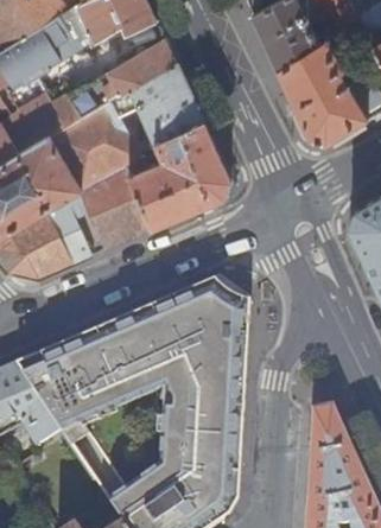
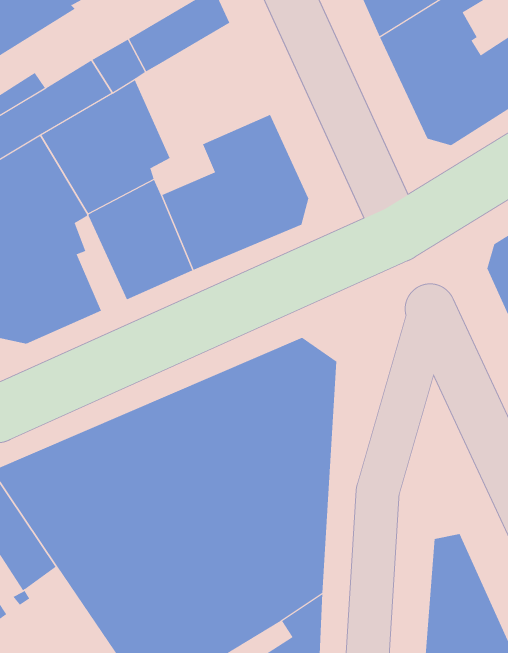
building: [131,62,204,145] -> none

